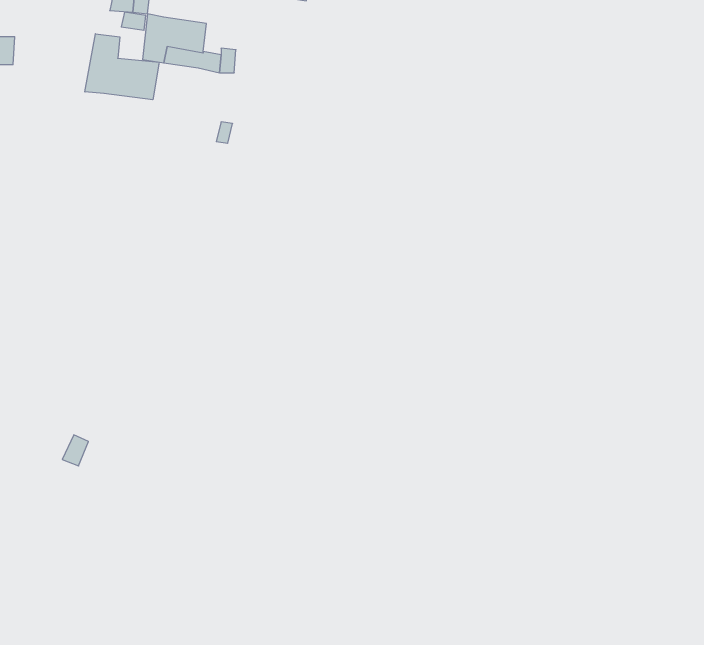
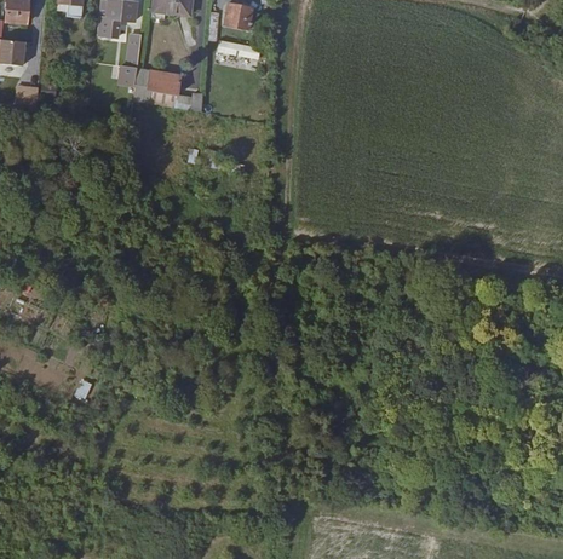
building: [85,34,159,100] -> none

